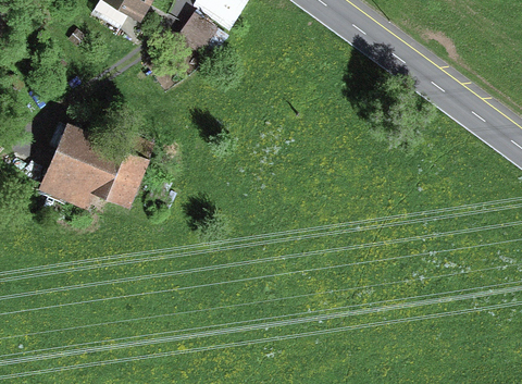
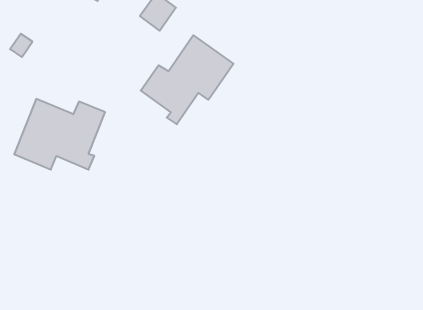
building: none -> [141,35,233,124]

